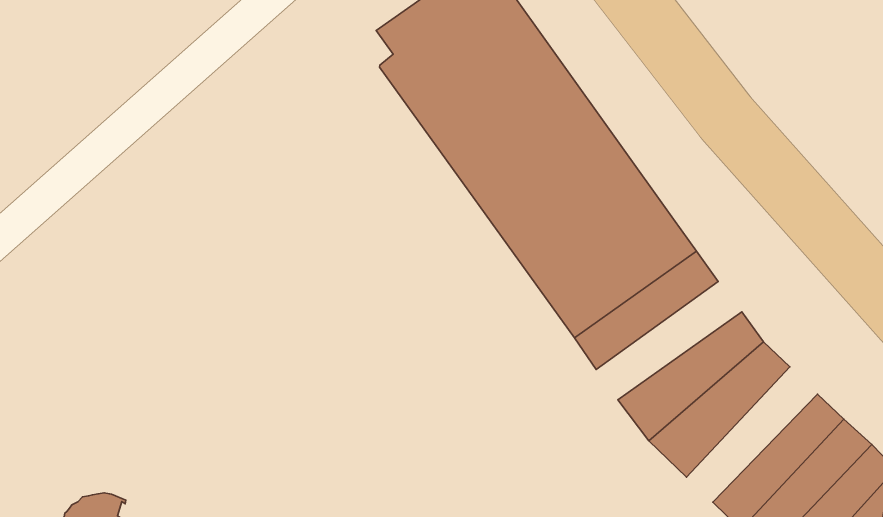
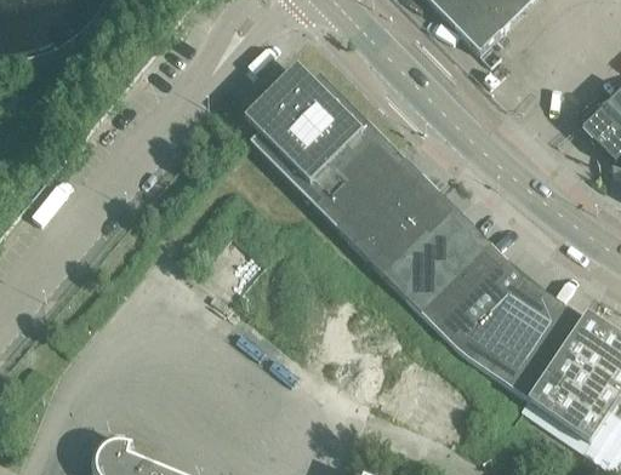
building: none -> [420,241,507,327]
building: none -> [489,288,564,383]

